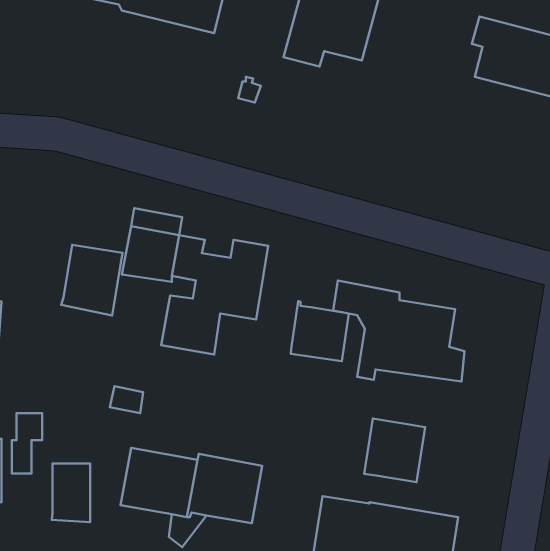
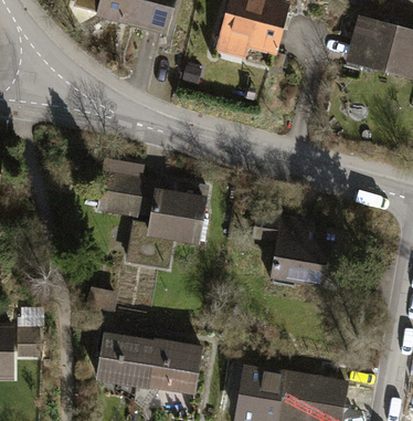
building: [61,245,122,316] -> none
building: [291,301,349,361] -> none
building: [364,419,425,482] -> none
building: [52,464,90,522] -> none

